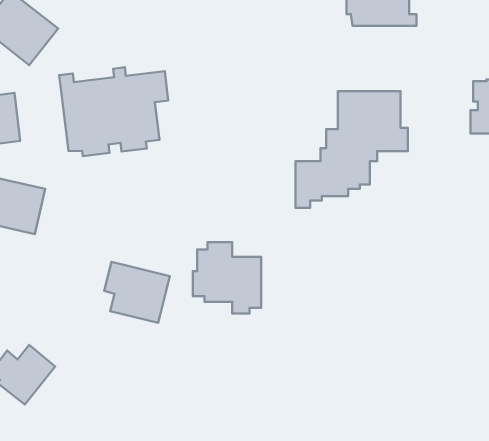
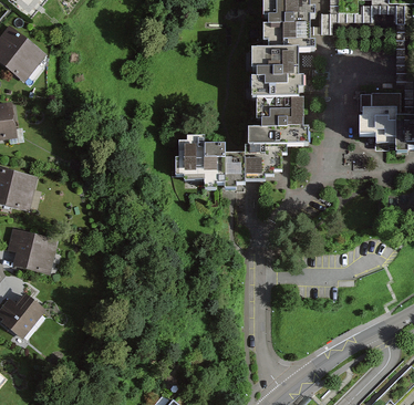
building: none -> [253,51,309,101]
building: [59,67,168,156] -> none
building: [193,242,261,314] -> [174,135,226,189]
building: [104,262,170,323] -> [7,228,56,274]

